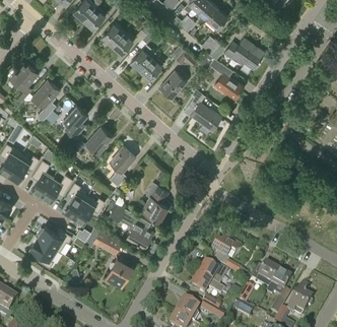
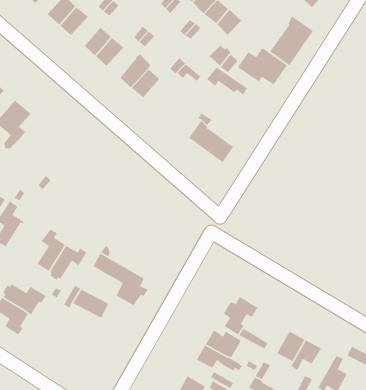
building: none -> [269,15,314,66]
building: [159,71,187,100] -> none
building: [214,73,243,100] -> none
building: [63,106,86,138] -> none
building: [84,127,112,156] -> none
building: [110,147,135,187] -> none
building: [40,176,73,202] -> none
building: [141,183,168,222] -> none
building: [106,259,133,287] -> none

